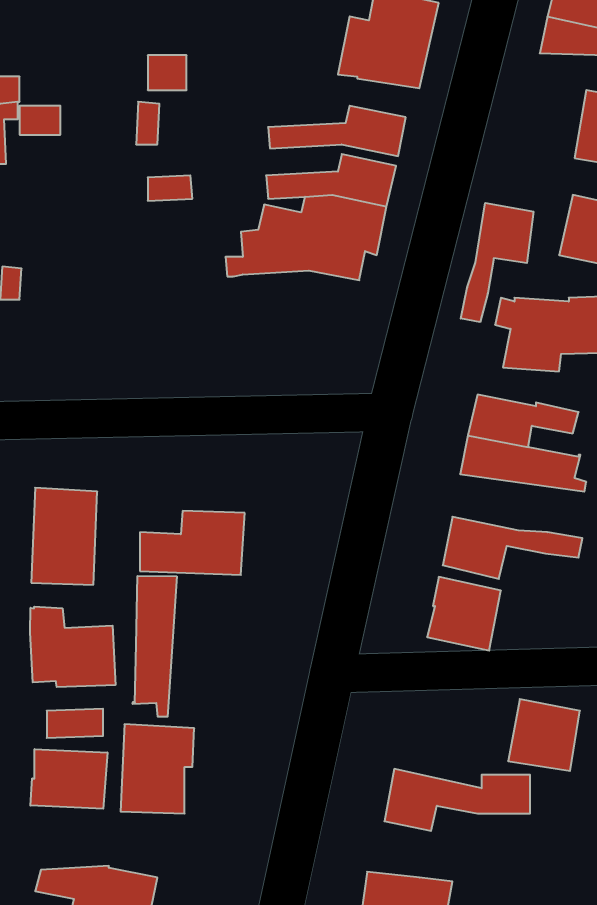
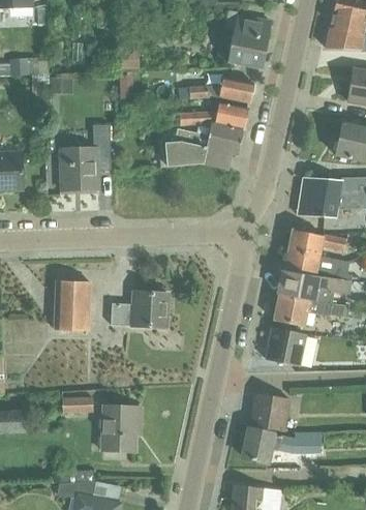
building: none -> [60,125,110,189]
building: [461,203,533,322] -> none
building: none -> [278,272,348,303]
building: [133,576,177,717] -> none
building: [30,607,115,687] -> none
building: [508,699,580,771] -> [249,393,287,431]
building: [30,749,107,809] -> none

